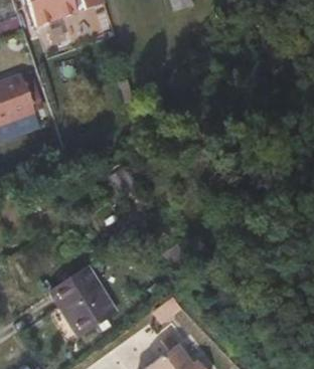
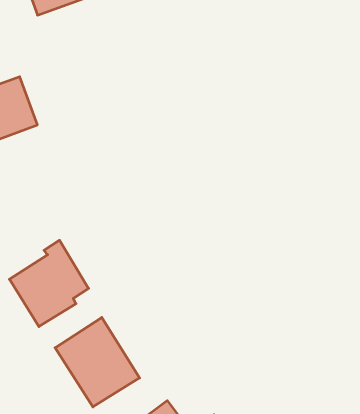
building: none -> [9,240,89,327]

